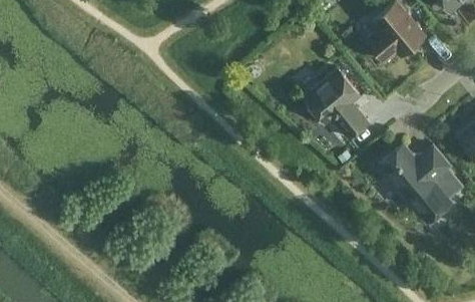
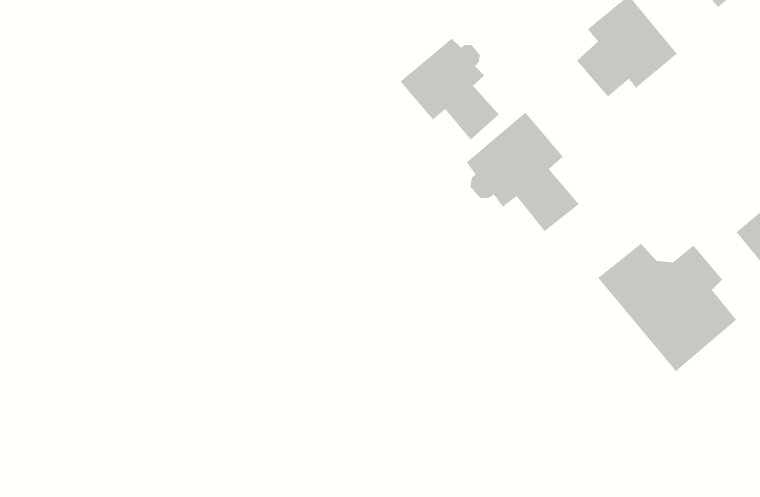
building: none -> [400,38,500,140]

